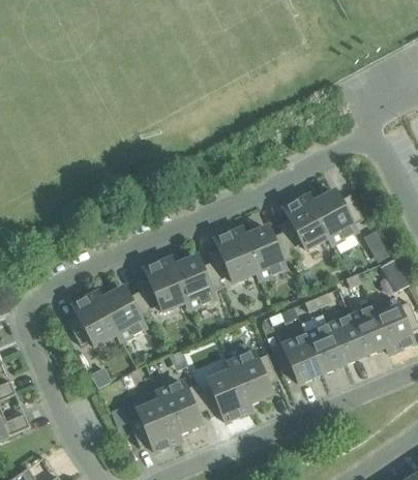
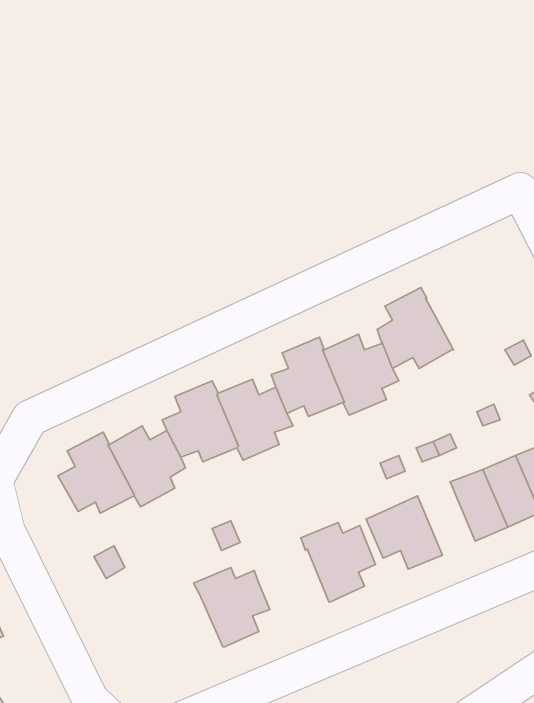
building: [310,190,362,244] -> none
building: [305,324,344,372] -> none
building: [200,368,250,422] -> none
building: [128,398,180,451] -> none

